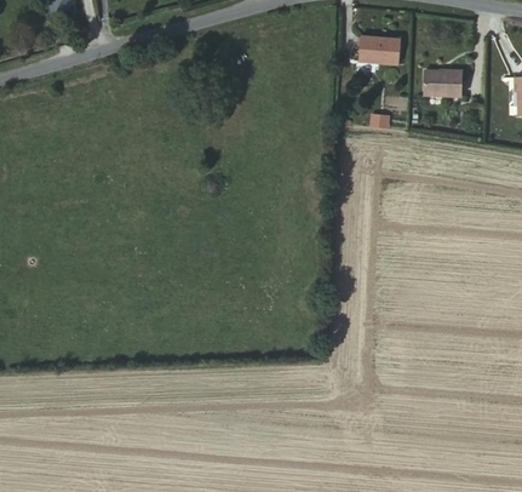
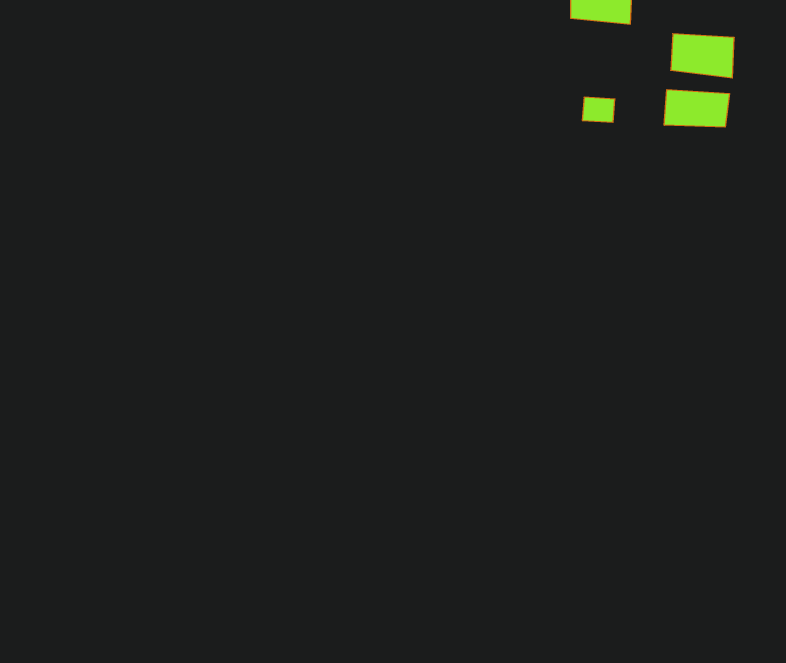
building: none -> [664,90,729,127]

